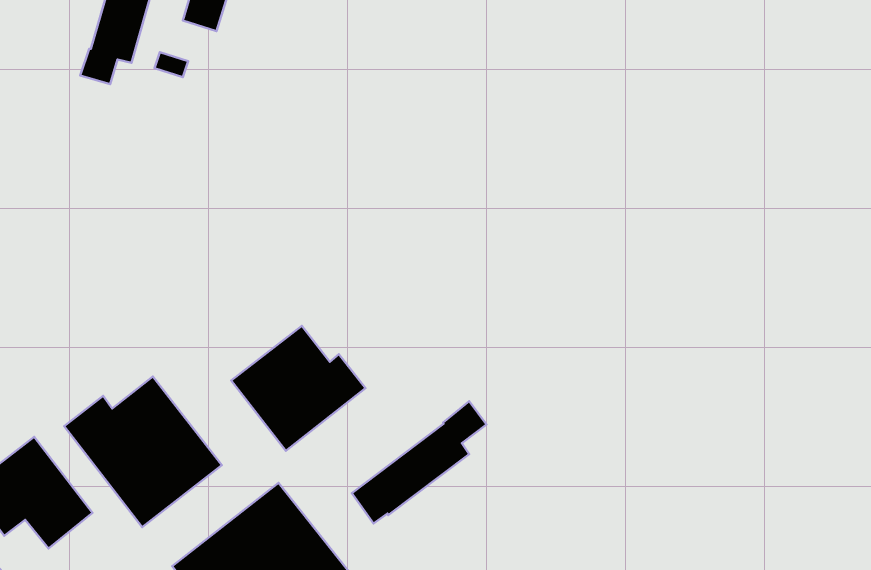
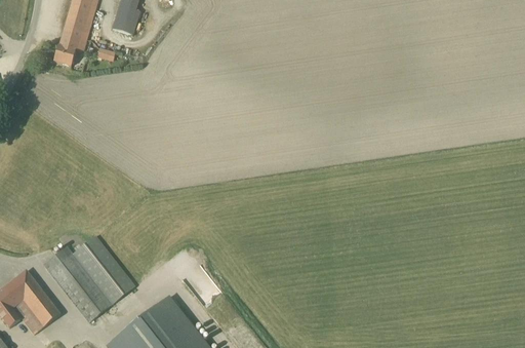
building: [231,326,366,451] -> none
building: [352,401,486,524] -> none

